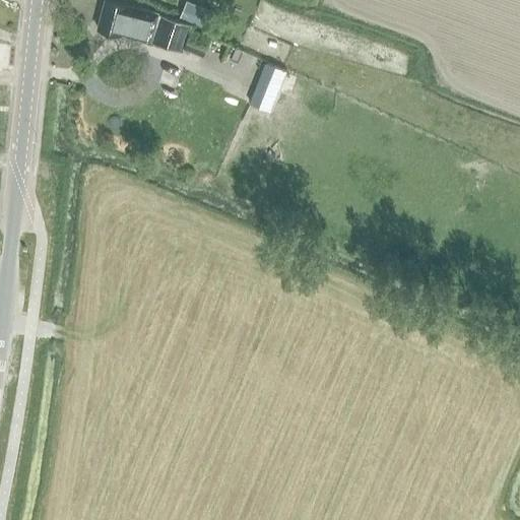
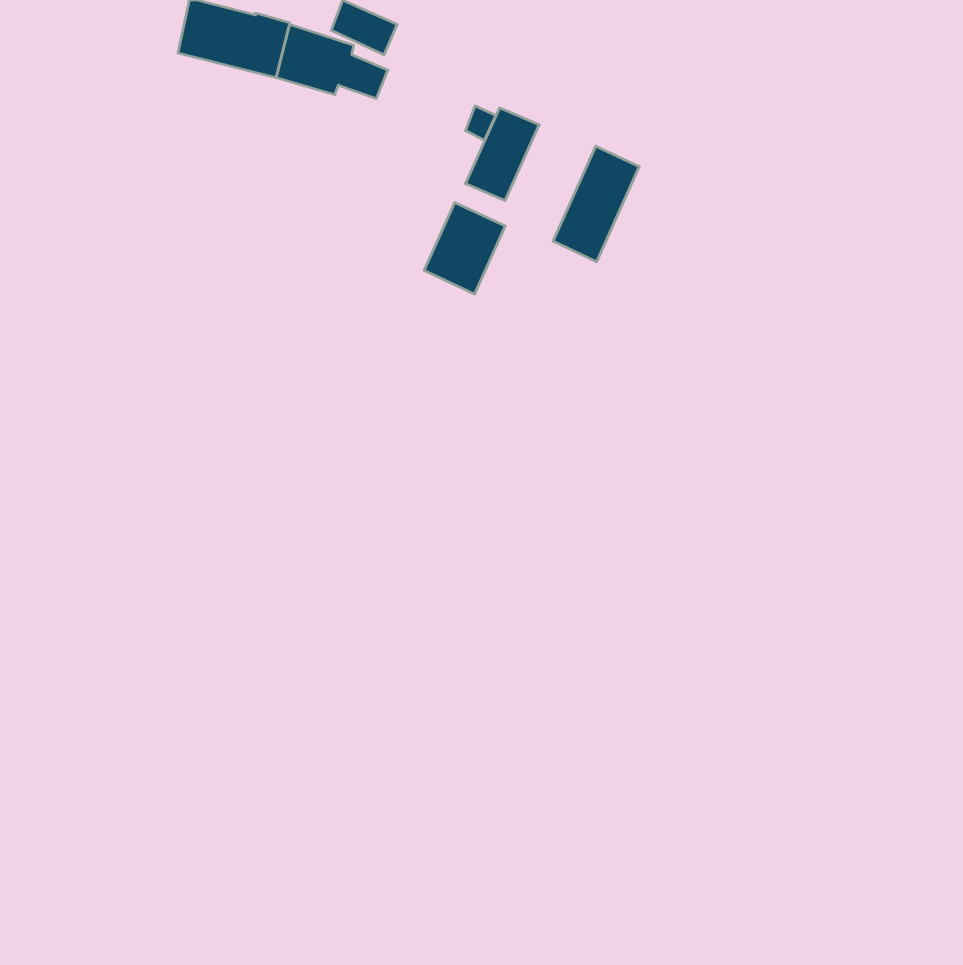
building: none -> [553,146,639,262]
building: none -> [424,203,505,294]

